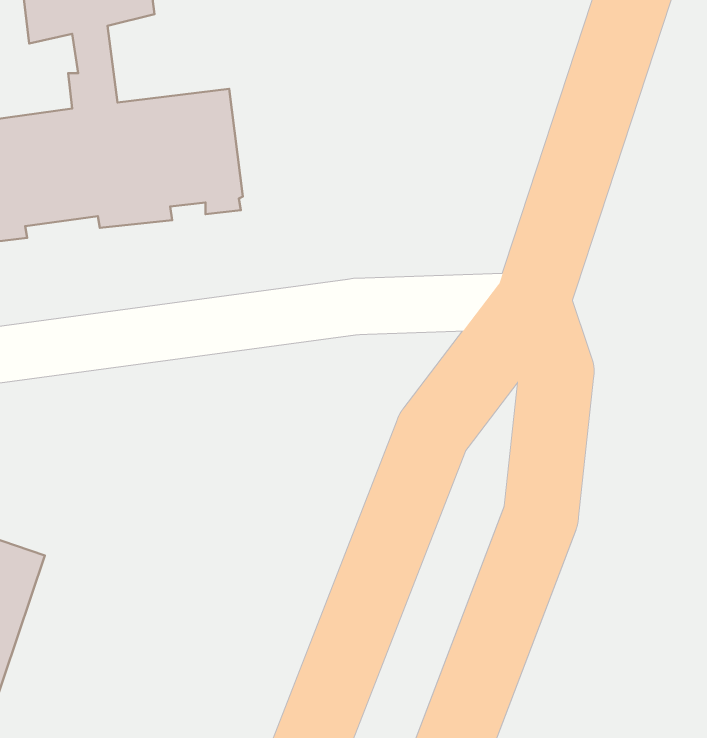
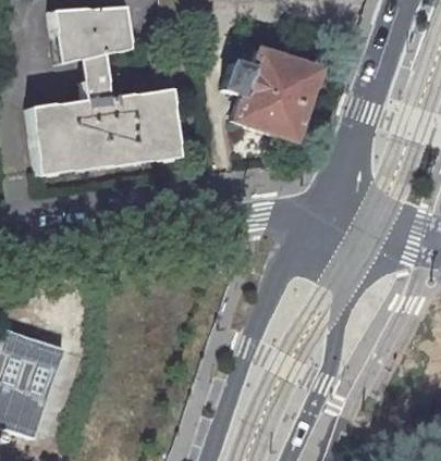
building: none -> [224,47,320,141]

